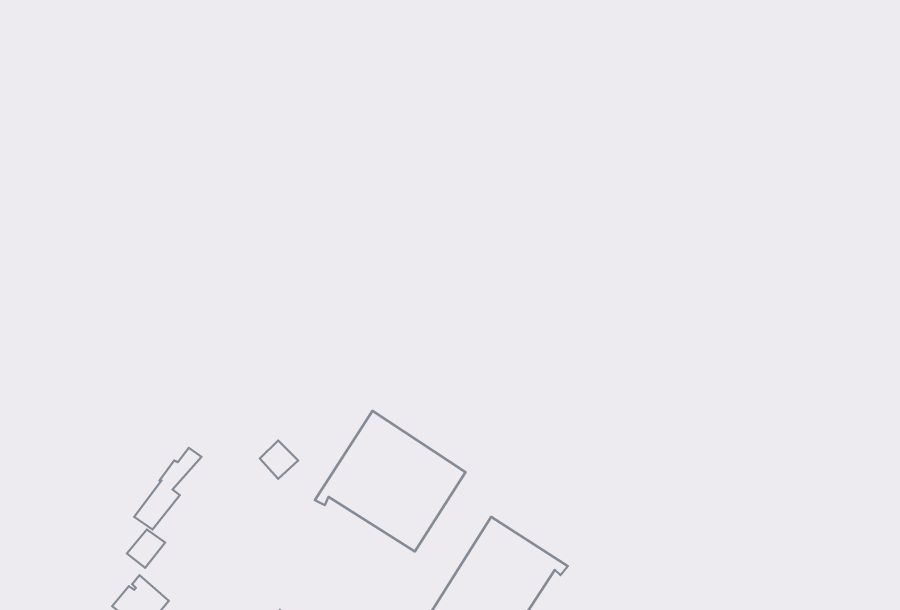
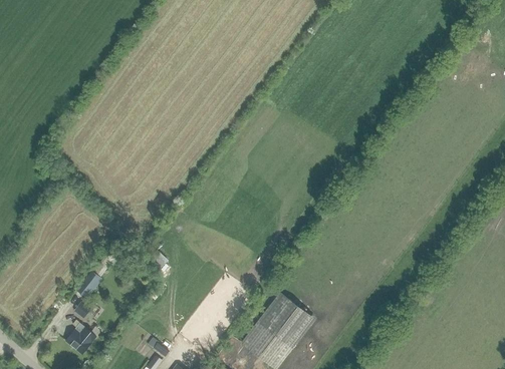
building: [315,411,465,551] -> none

